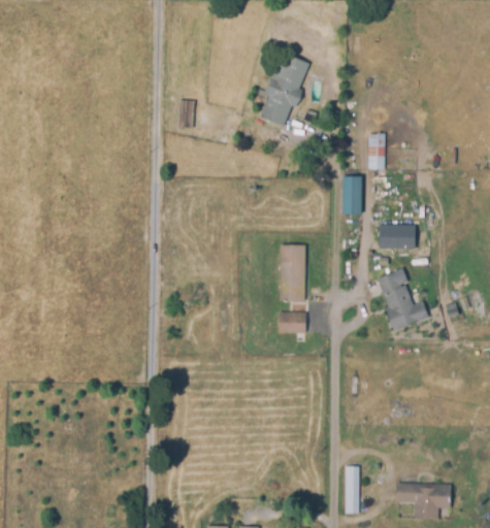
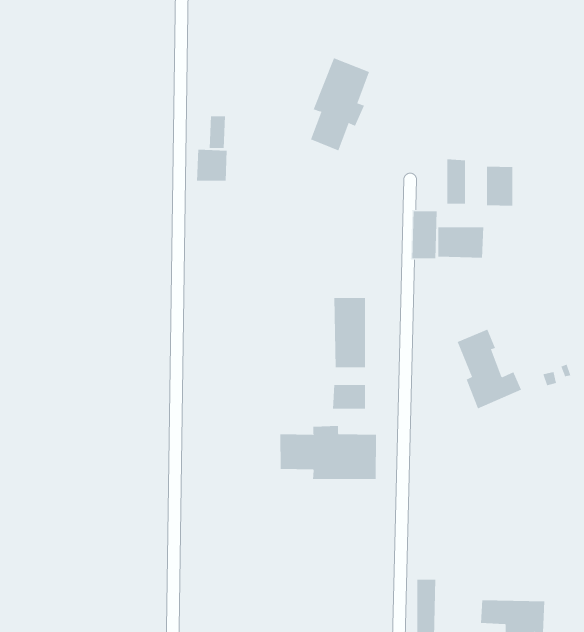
building: none -> [197,149,227,181]
building: none -> [487,166,513,206]
building: [379,223,416,248] -> [437,227,484,258]
building: none -> [280,425,376,480]

